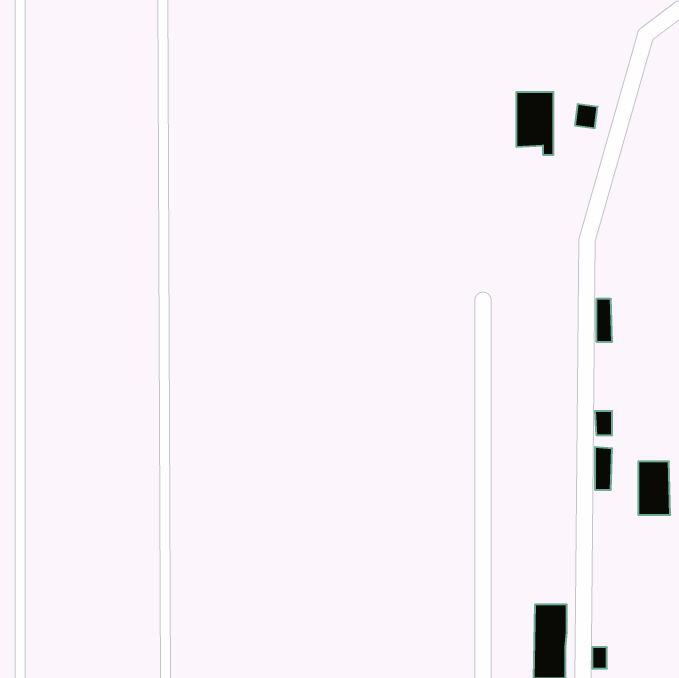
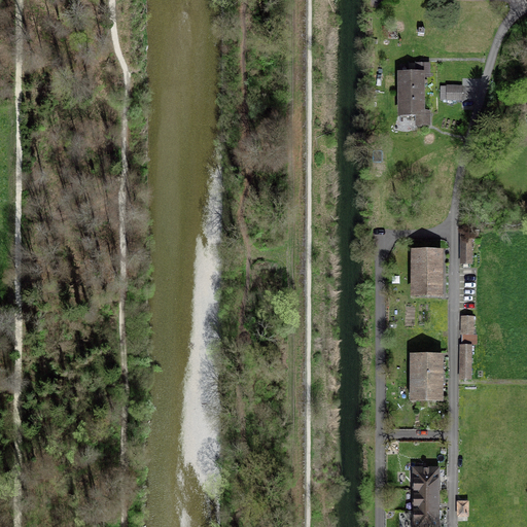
building: none -> [413,250,436,290]
building: [638,461,670,515] -> [413,355,437,396]

